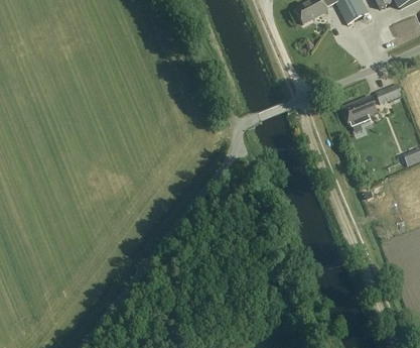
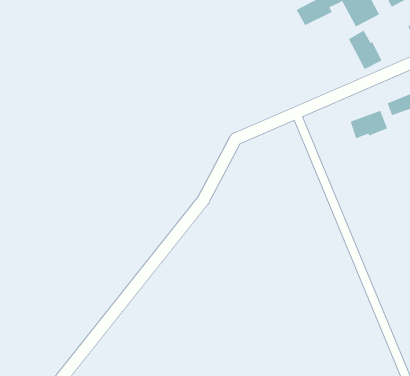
building: none -> [348,30,382,70]

